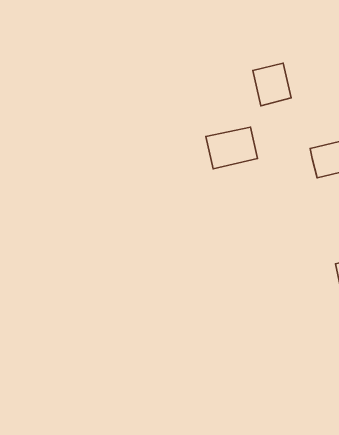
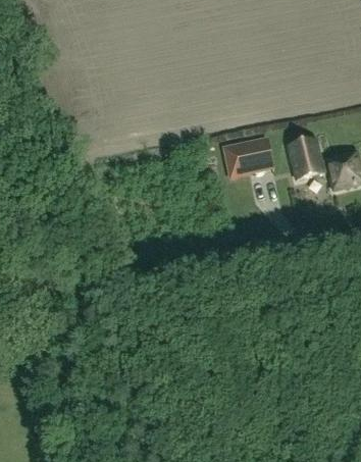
building: [253,63,291,106] -> [287,137,325,179]

